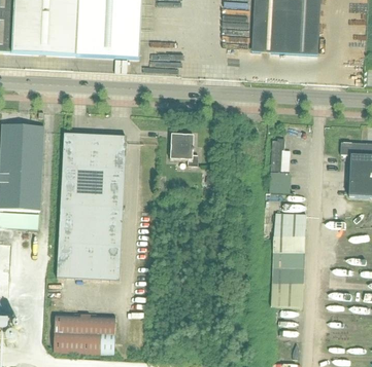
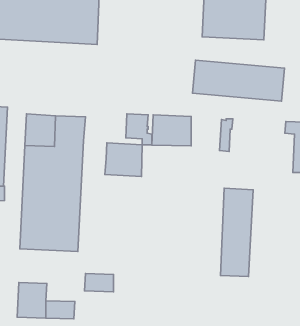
building: none -> [193,60,285,101]
building: none -> [152,115,191,146]
building: none -> [105,143,142,176]
building: [84,315,115,334] -> [85,274,113,292]

